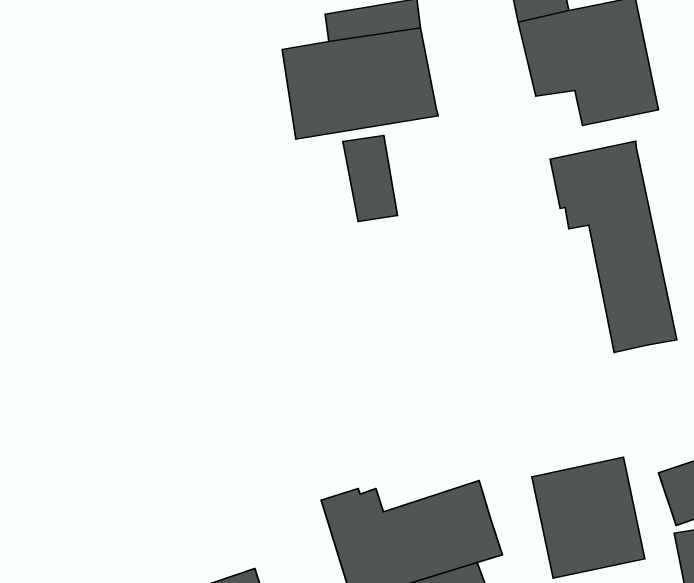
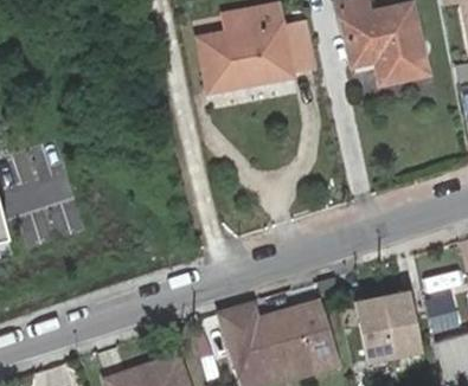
building: [343,136,397,221] -> [281,22,314,75]
building: [550,141,677,353] -> none

